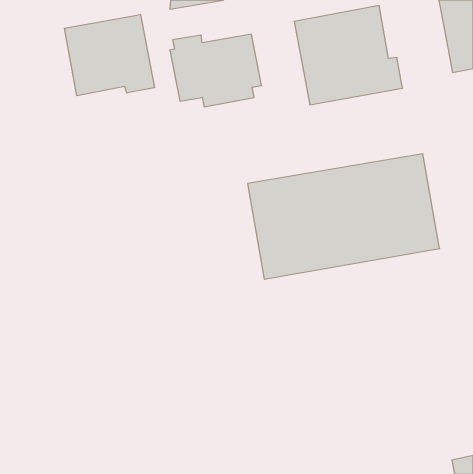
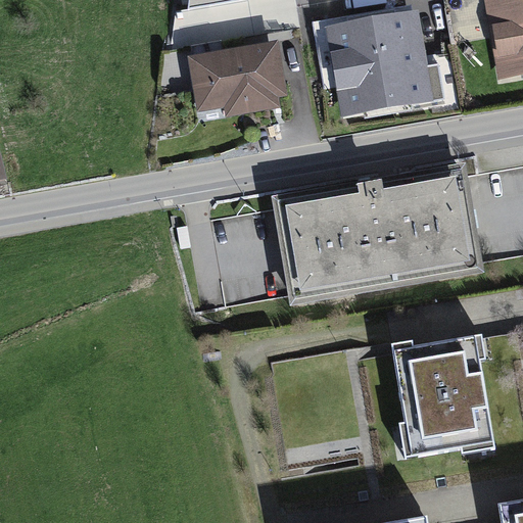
building: [64,14,154,96] -> none
building: none -> [389,335,501,468]

